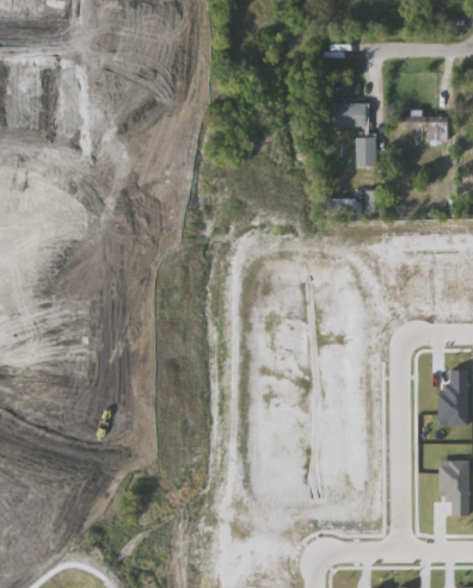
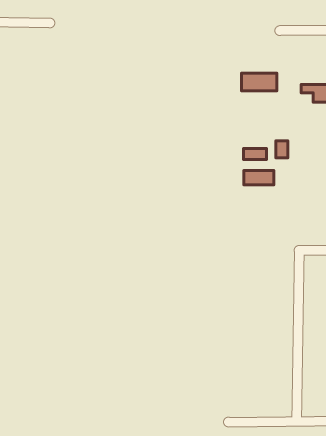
building: [356,138,377,168] -> none
building: none -> [244,171,274,185]

